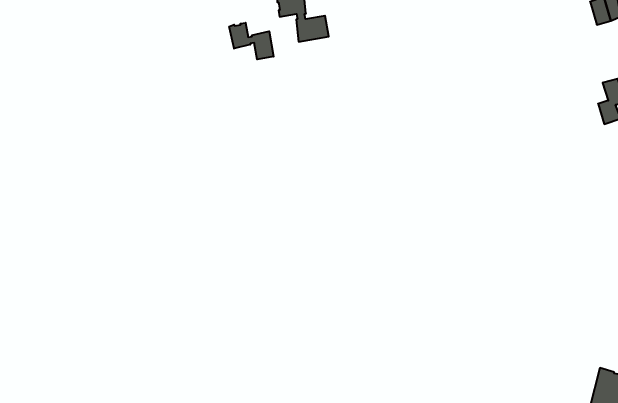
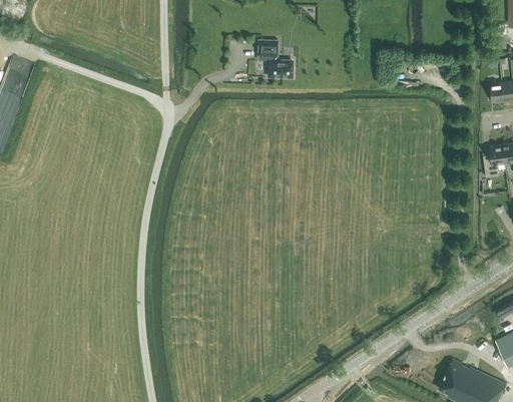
building: [229,23,274,59] -> none

